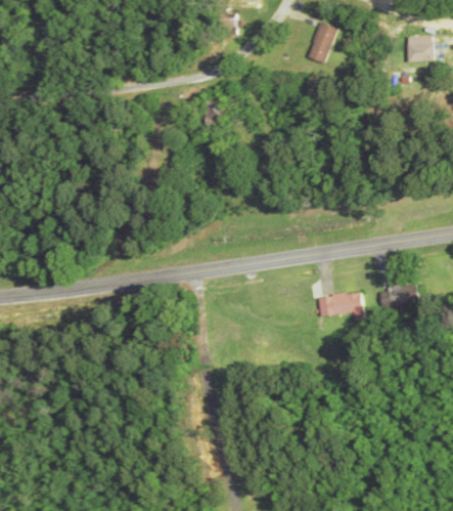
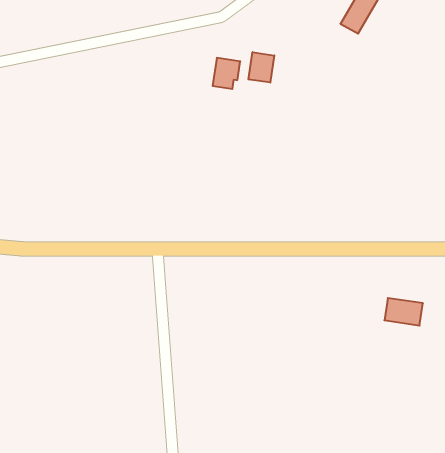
building: none -> [248,52,274,83]
building: [316,291,362,321] -> none

